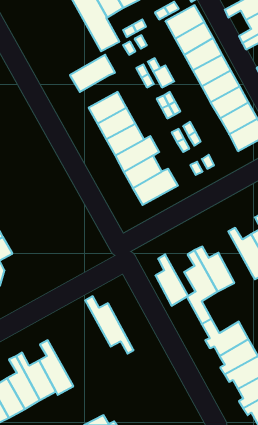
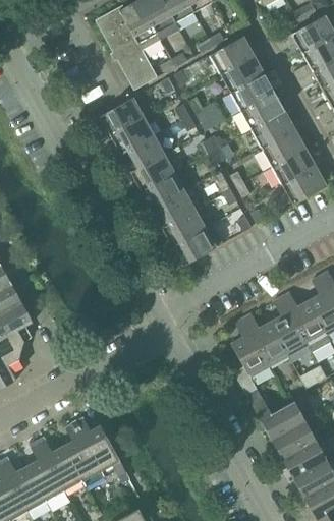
building: none -> [111,116,155,154]
building: [155,254,188,306] -> [271,296,309,355]
building: [85,296,134,354] -> [74,416,130,482]

